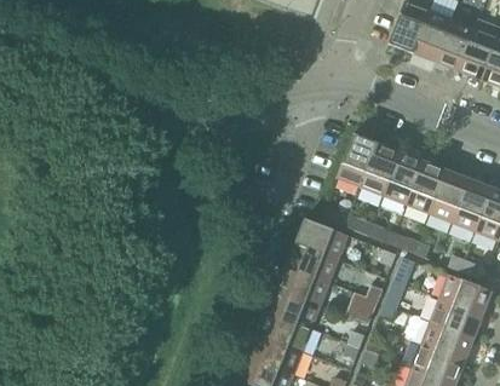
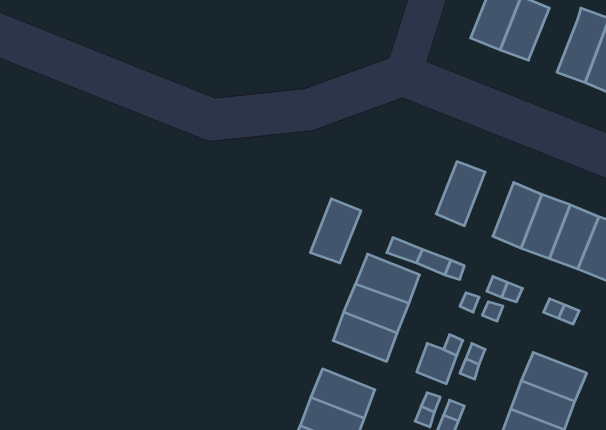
building: [436,18,476,70] -> none
building: [337,133,378,185] -> [310,199,361,263]
building: [384,151,424,203] -> none
building: [439,273,492,315] -> none
building: [269,288,321,328] -> none

